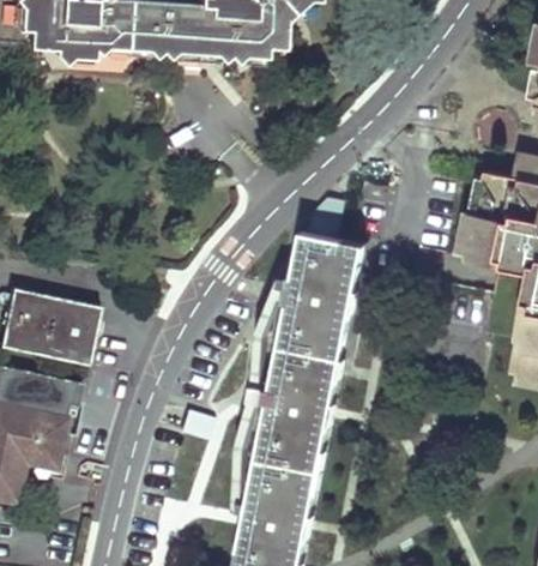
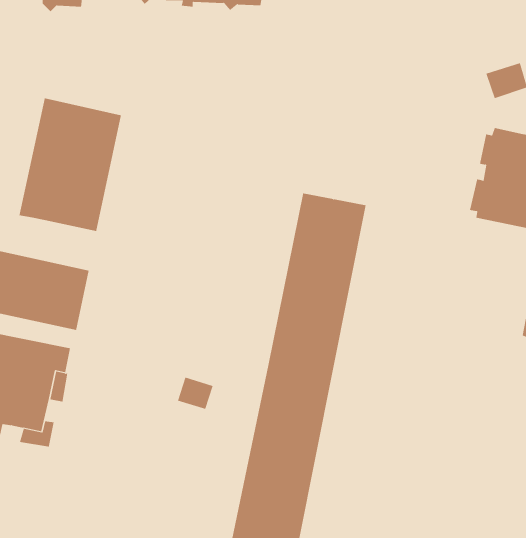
building: none -> [19,98,122,232]

